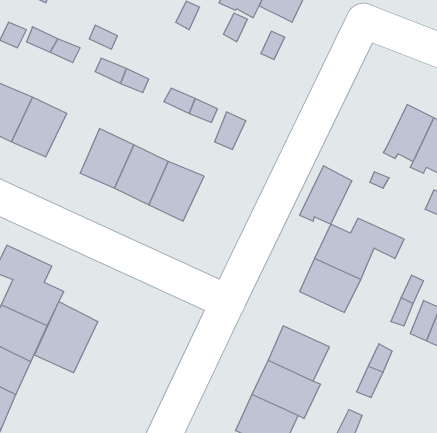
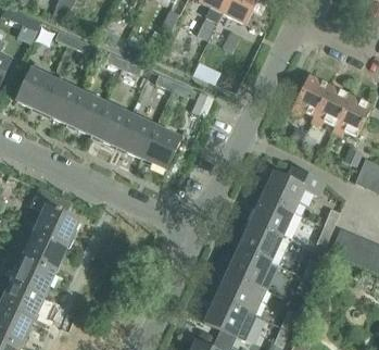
building: none -> [66,90,105,134]
building: [300,166,352,224] -> [291,73,329,115]
building: none -> [239,220,283,260]
building: [34,302,98,373] -> none

